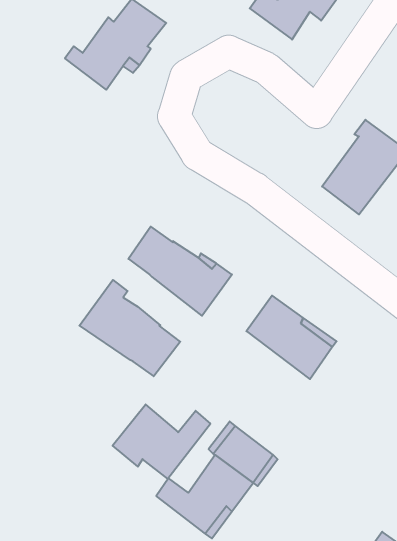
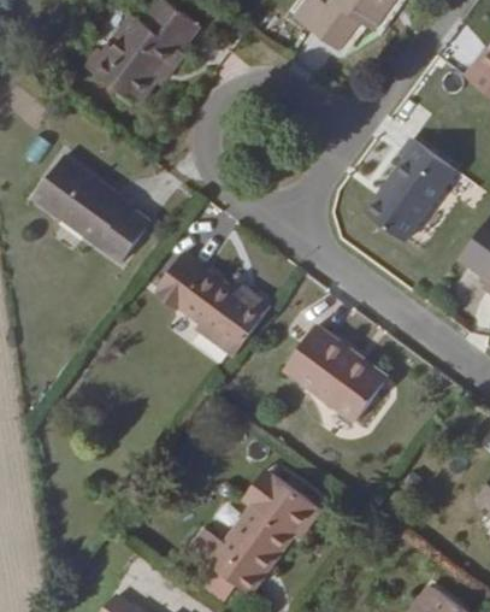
building: none -> [33,155,148,261]
building: [79,280,180,376] -> none
building: [113,404,210,479] -> none

